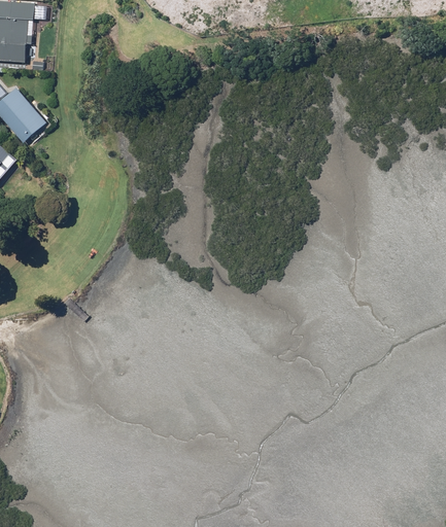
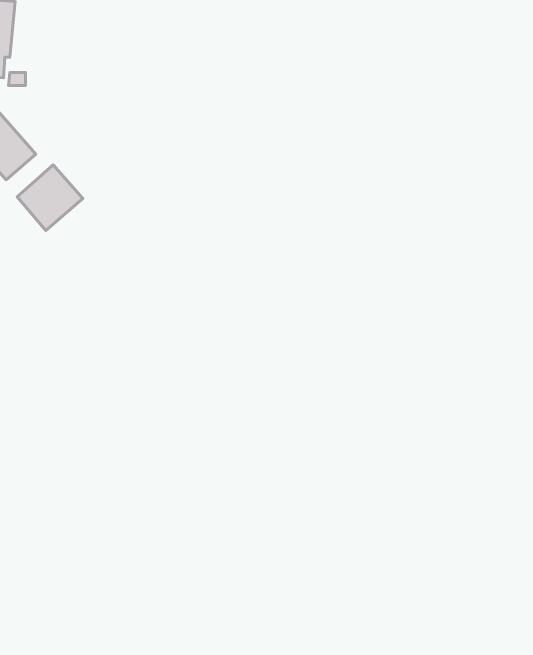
building: none -> [17,165,83,231]

